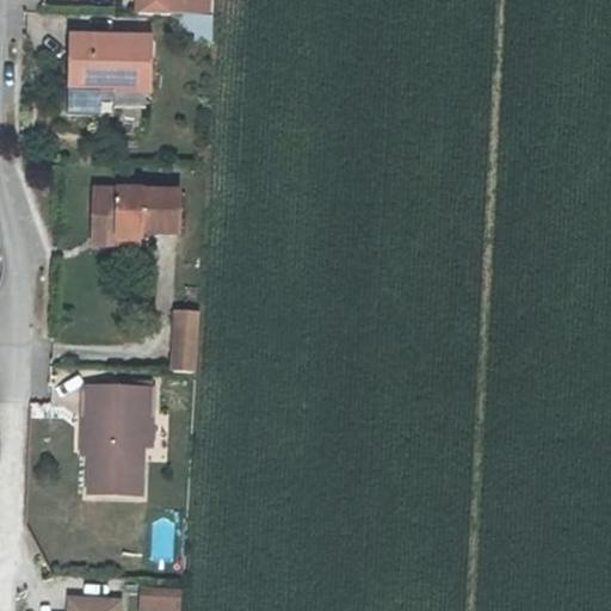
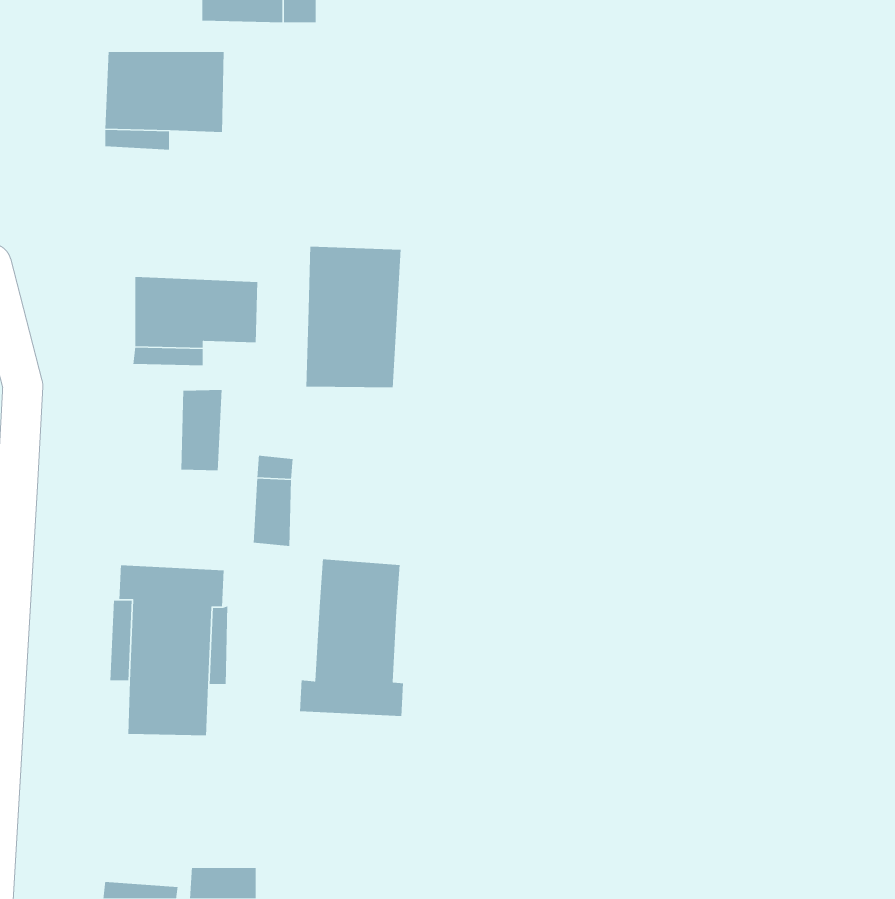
building: none -> [305,246,401,388]
building: none -> [180,389,223,471]
building: none -> [299,558,404,717]

